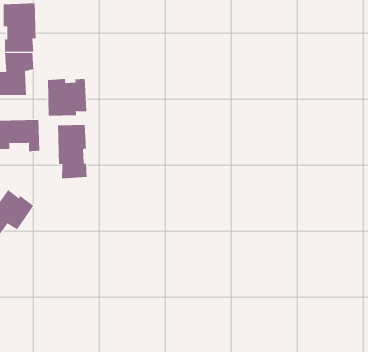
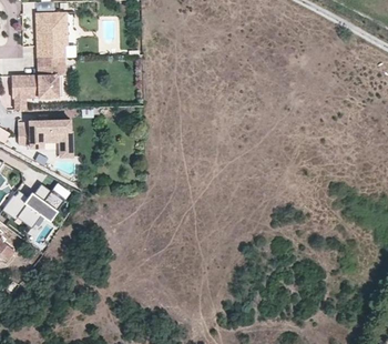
building: [47,78,87,116] -> none
building: [58,124,87,179] -> none

